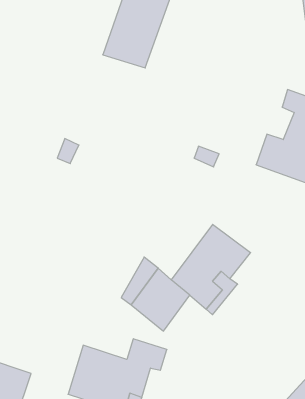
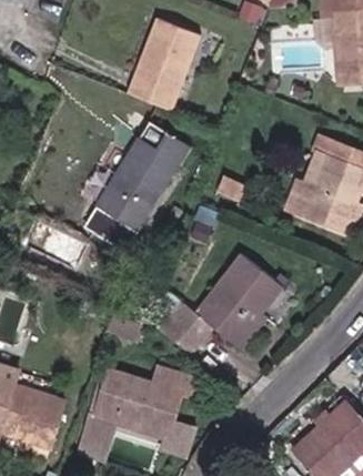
building: none -> [90,112,192,244]

